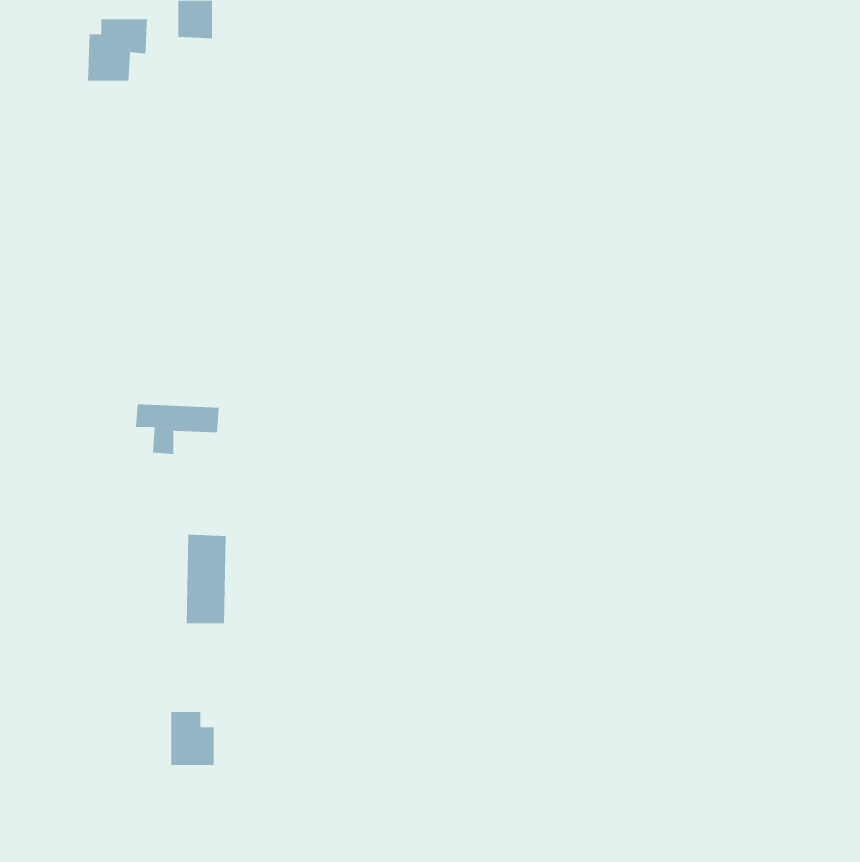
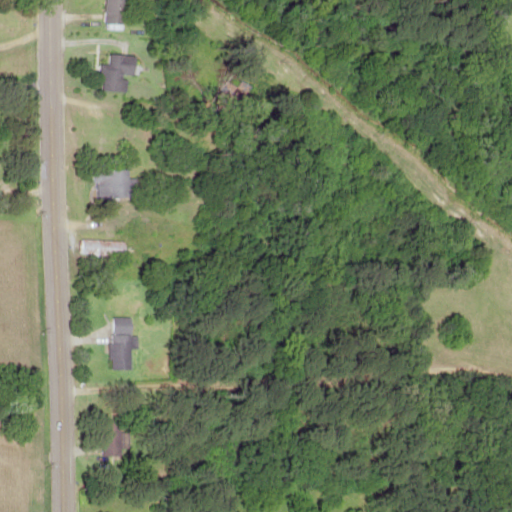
building: [87,19,148,81] -> [102,56,138,93]
building: none -> [96,172,136,200]

